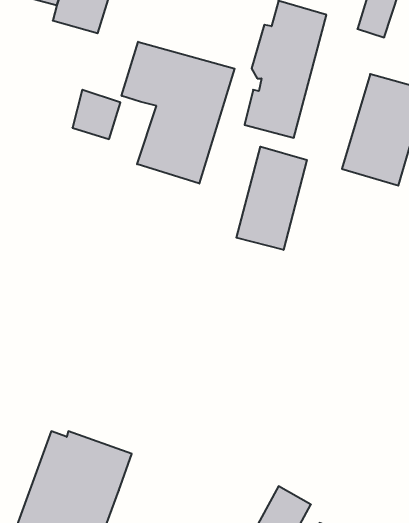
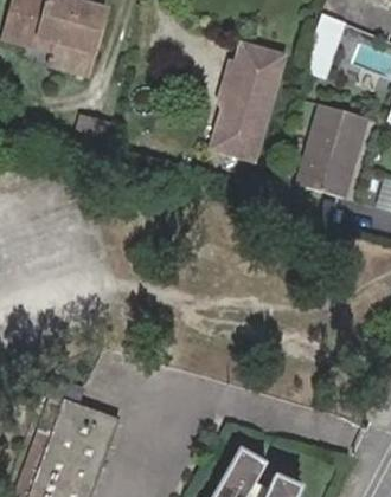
building: [122,42,235,184] -> none
building: [236,147,307,250] -> none

